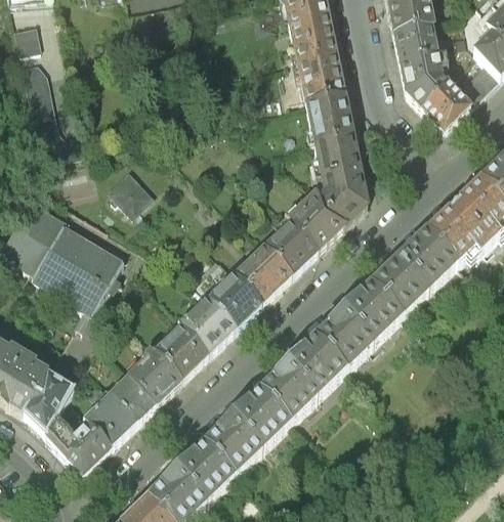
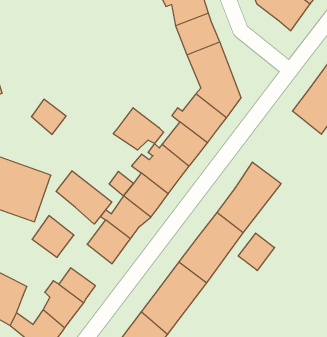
building: none -> [113,108,164,150]
building: [370,226,459,312] -> none
building: none -> [56,171,112,224]
building: [130,348,181,400] -> [32,216,74,257]
building: none -> [238,233,275,271]

